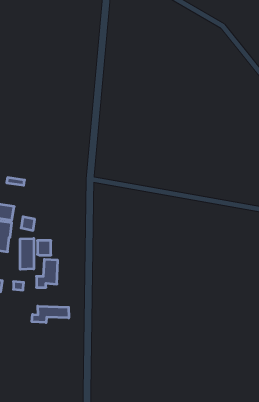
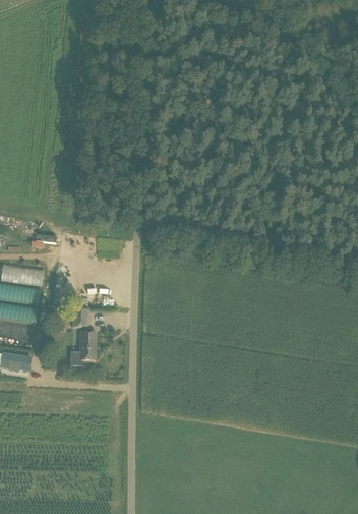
building: [20,238,34,269] -> none
building: [32,306,69,323] -> none

